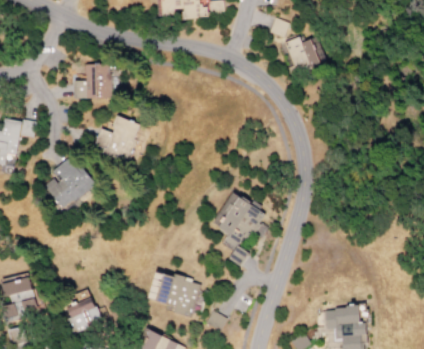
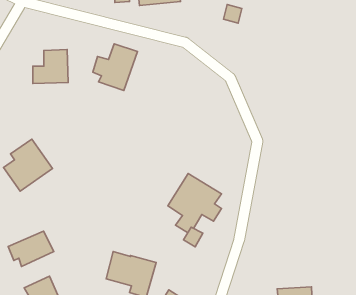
building: [283,36,326,73] -> none
building: [95,115,141,163] -> [93,44,138,91]
building: none -> [8,231,54,266]

